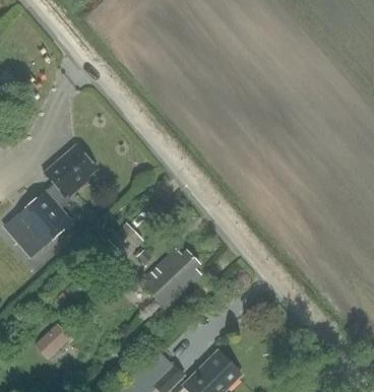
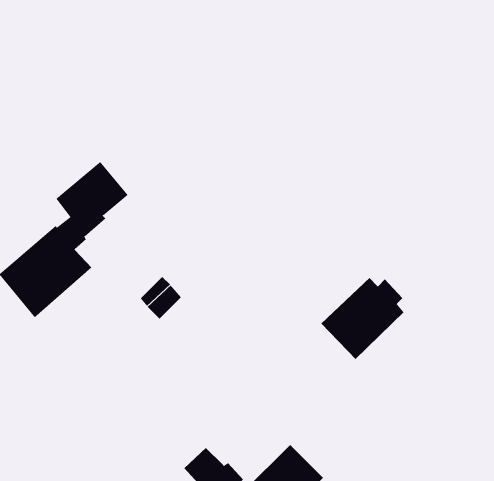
building: [139,248,200,308] -> [320,277,405,360]
building: [34,324,70,360] -> none

